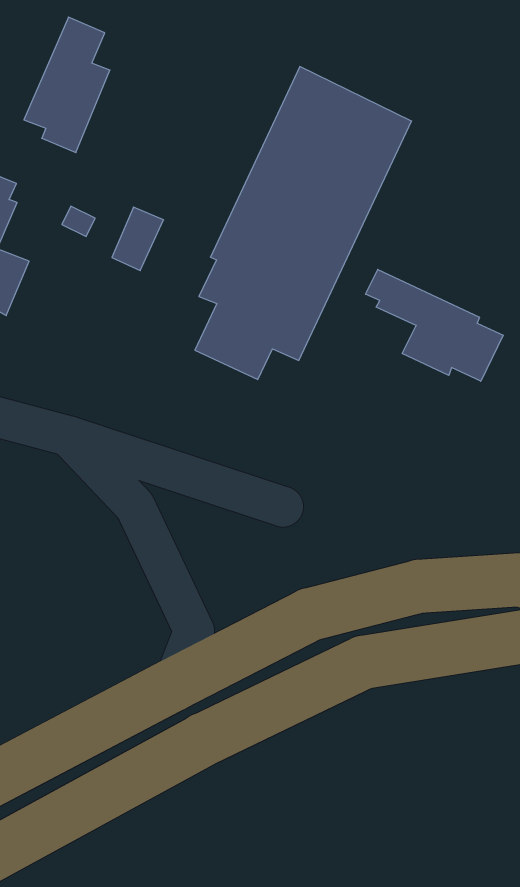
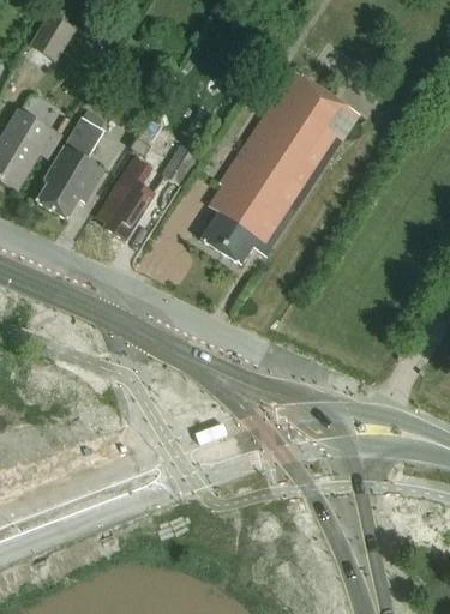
building: [24,17,110,153] -> [96,154,155,240]
building: [366,269,503,381] -> none

